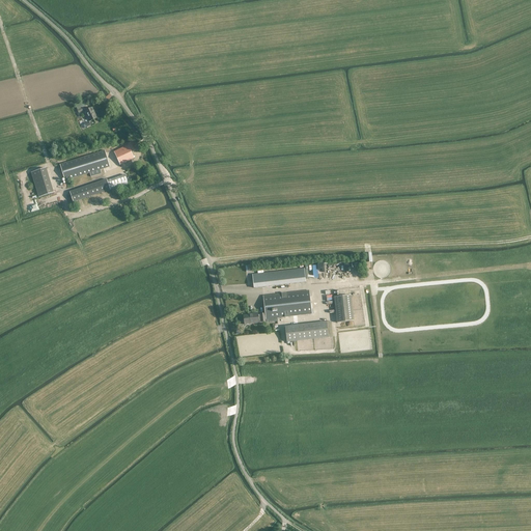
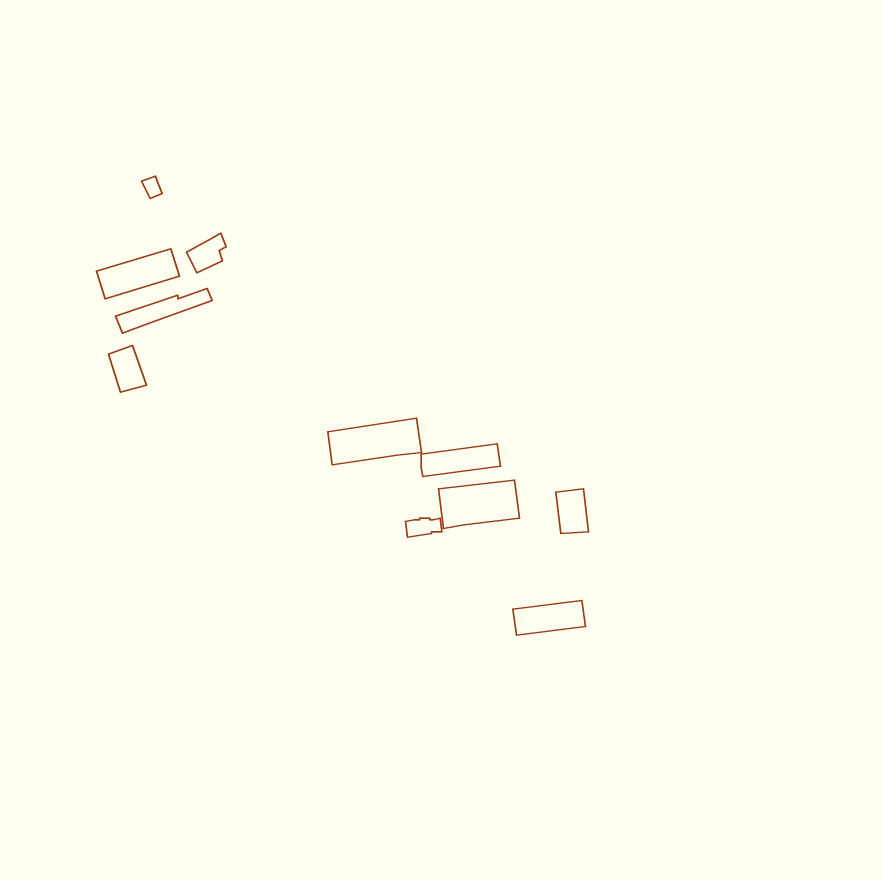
building: [31,166,54,194] -> [108,346,146,392]
building: none -> [328,418,422,465]
building: [285,319,329,340] -> [513,601,585,635]

